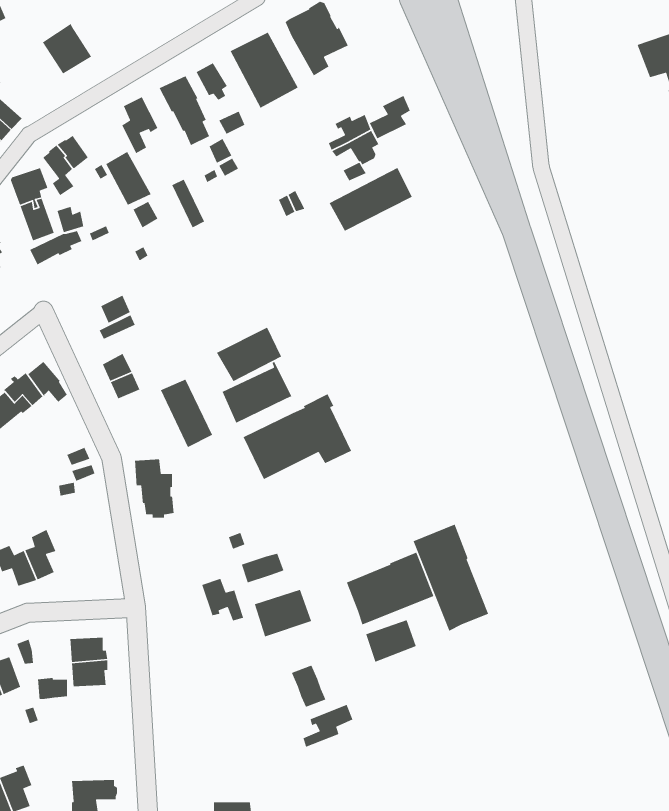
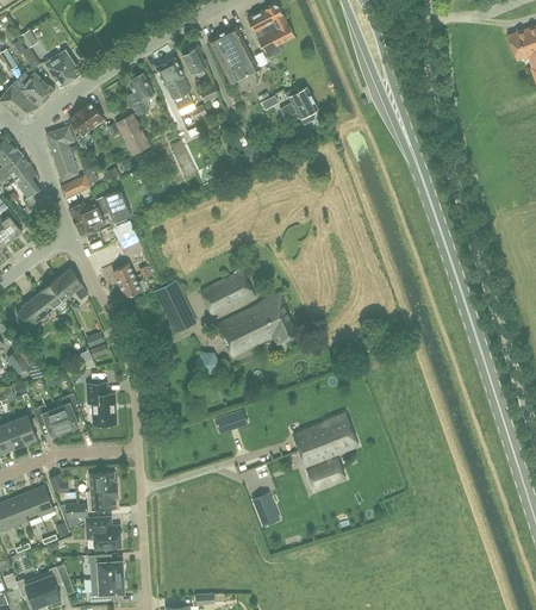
building: [42,23,92,75] -> [44,48,81,86]
building: [369,95,411,140] -> none
building: [329,167,413,232] -> none
building: none -> [69,189,131,236]
building: [216,327,282,382] -> none
building: [134,459,174,518] -> [87,382,117,427]
building: [413,524,489,632] -> none
building: [201,578,244,622] -> none
building: [254,589,312,637] -> none
building: none -> [87,517,123,548]
building: [302,704,354,748] -> none
building: none -> [88,554,124,578]

